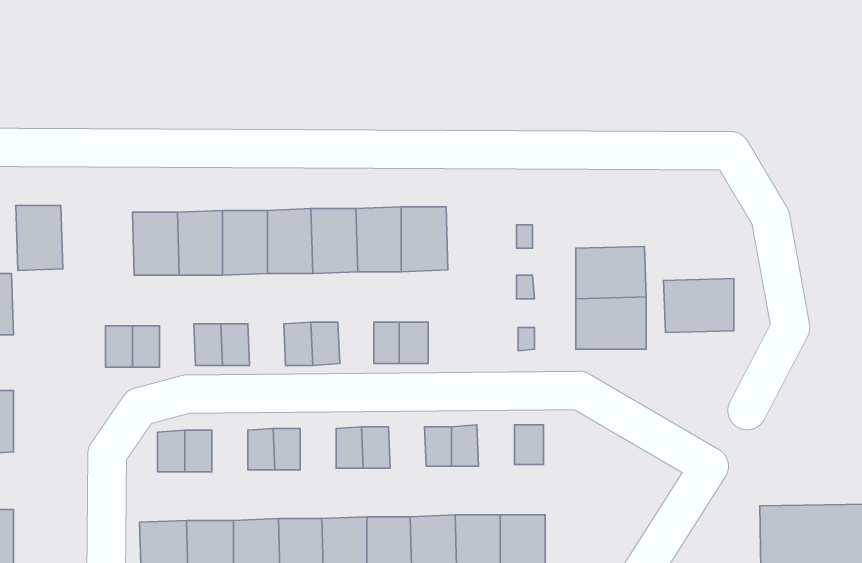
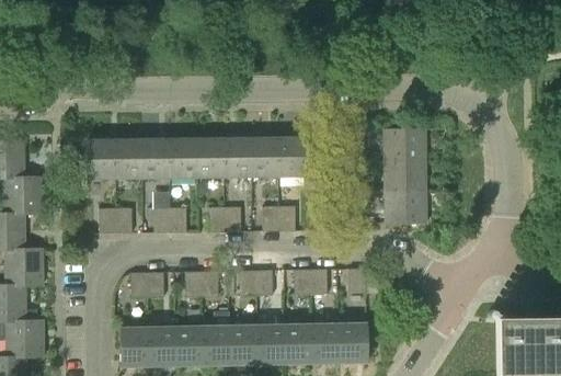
building: [16,206,63,270] -> [87,139,115,179]
building: [664,279,734,333] -> [382,128,425,161]

